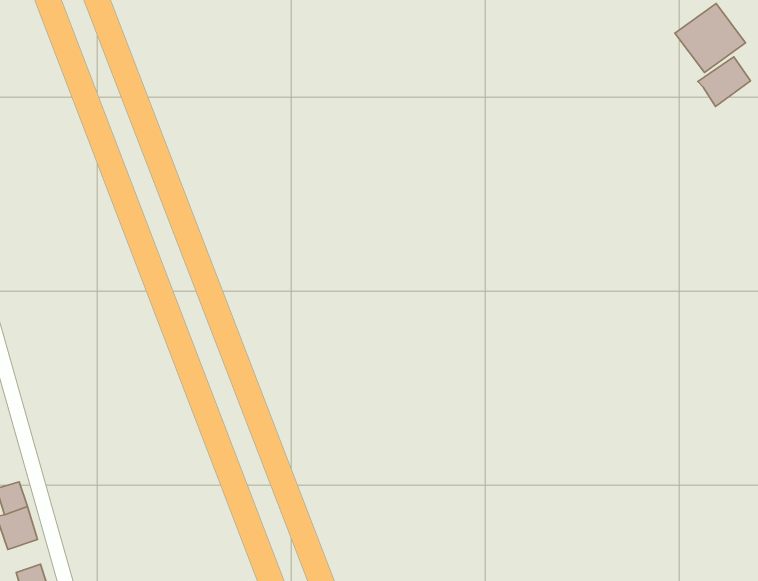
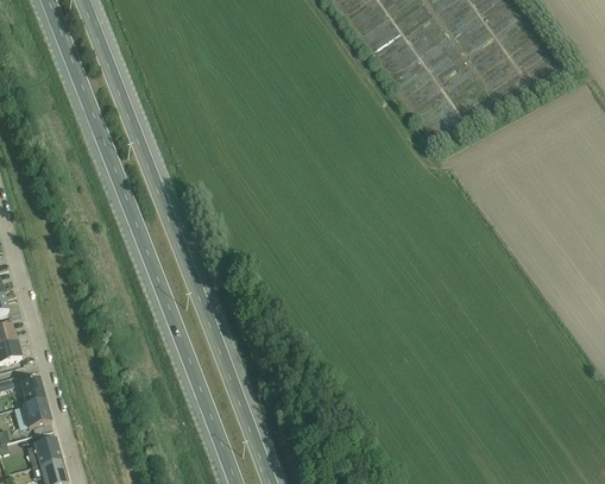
building: [698,57,750,106] -> none

